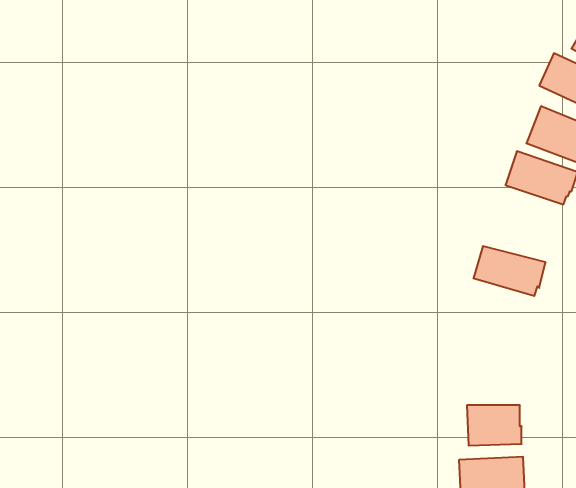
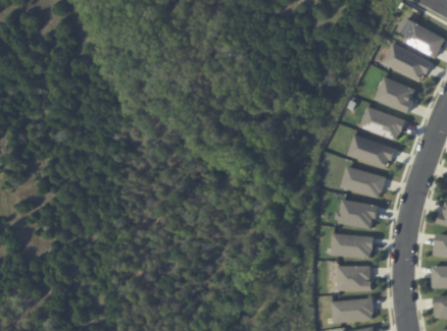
building: none -> [349,133,397,166]
building: none -> [338,200,379,227]
building: none -> [332,234,372,258]

